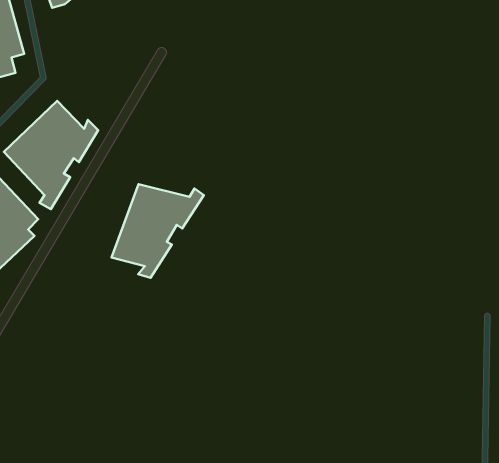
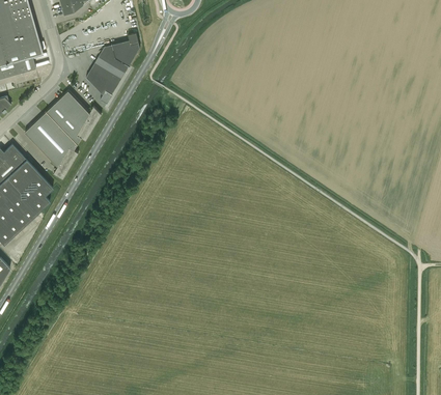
building: none -> [85,33,138,104]
building: [112,184,204,278] -> none

